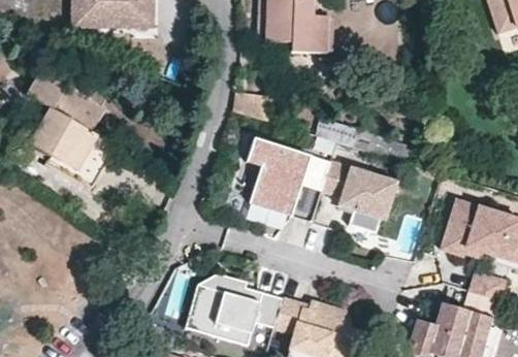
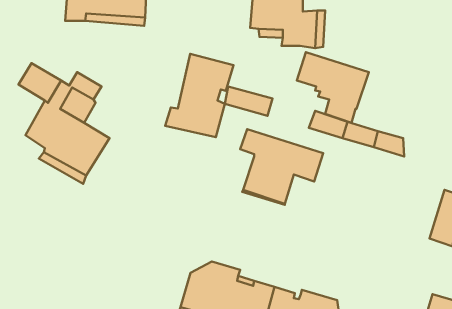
building: none -> [165,54,234,137]
building: [323,161,396,233] -> [297,52,369,123]

